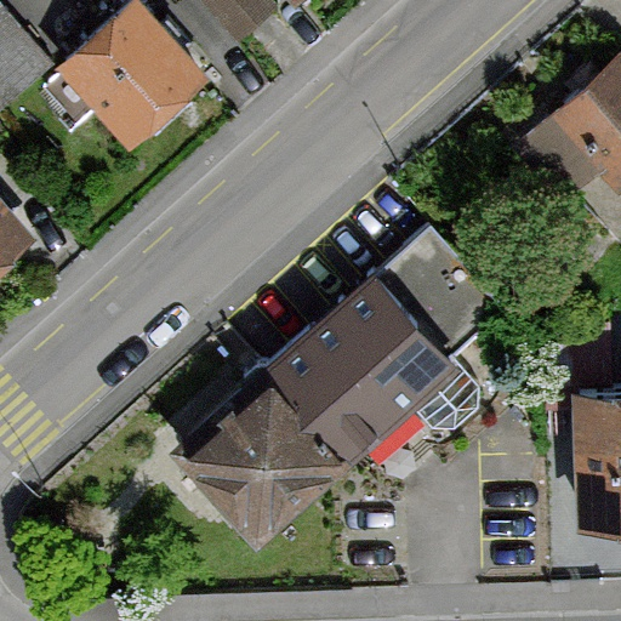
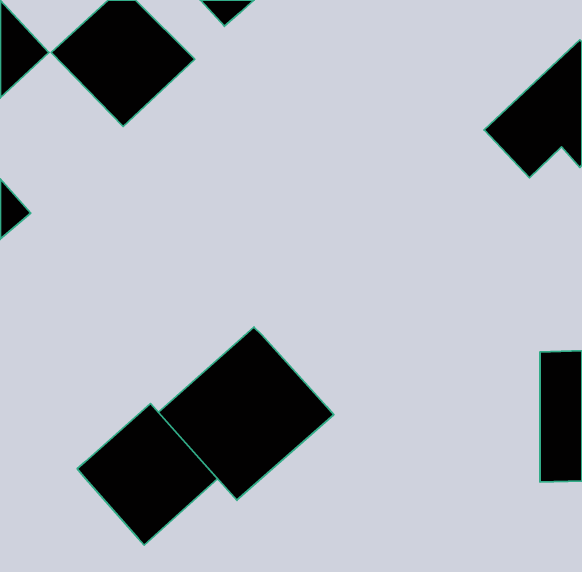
building: [279,230,502,444] -> none
building: none -> [77,404,217,545]

